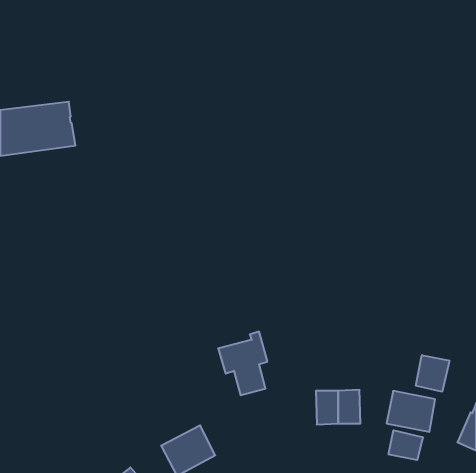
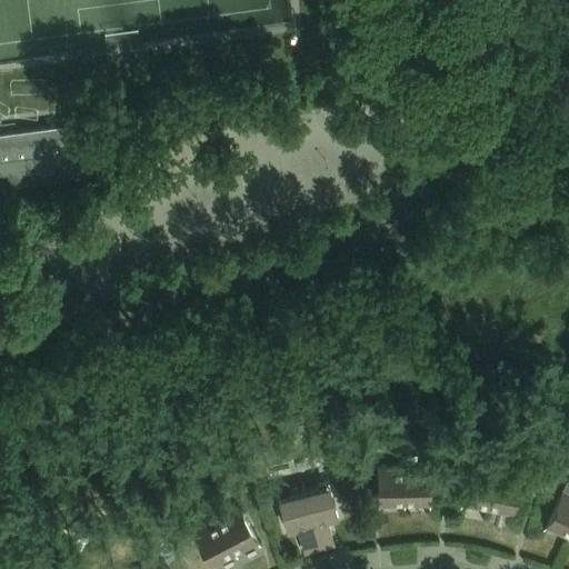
building: [218,332,267,395] -> [278,481,337,557]
building: [416,355,449,392] -> none
building: [389,430,423,460] -> none

